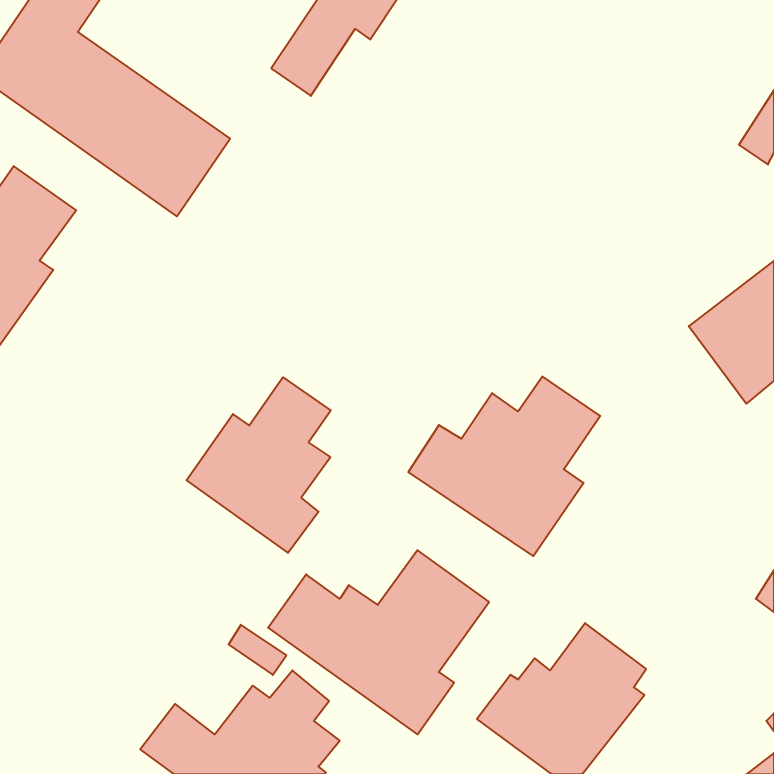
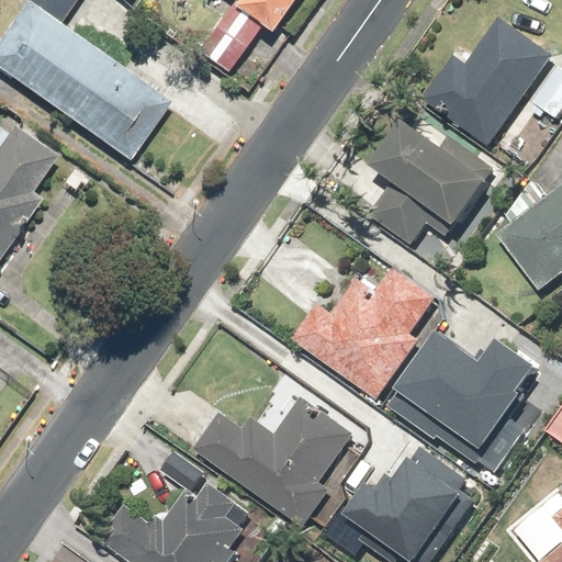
building: none -> [422,19,550,149]
building: none -> [363,121,491,247]
building: [187,377,331,553] -> none
building: none -> [397,328,547,465]

